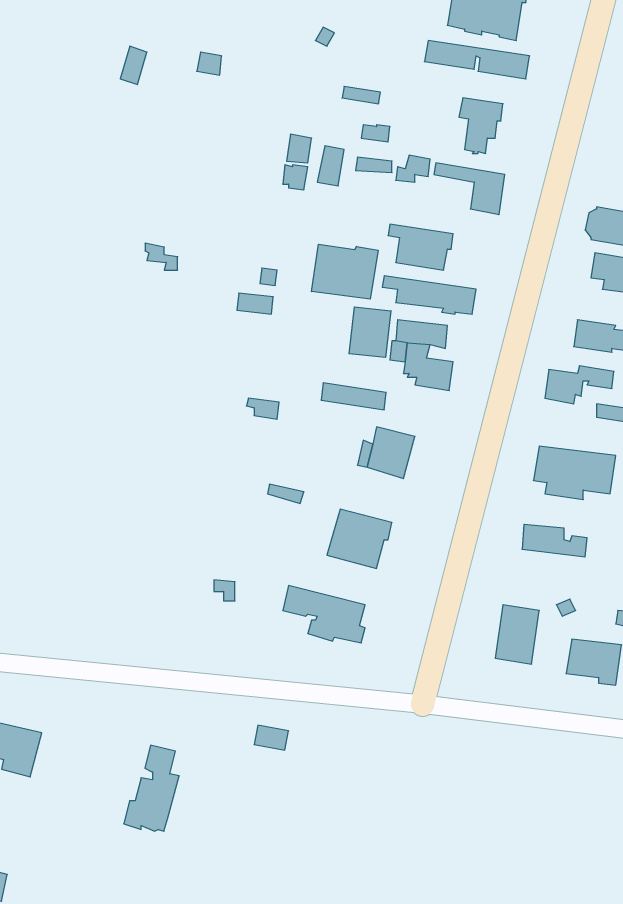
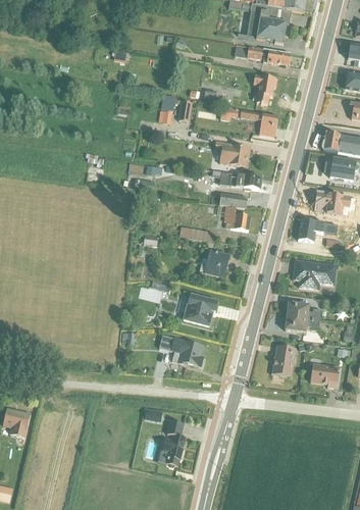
building: [312,244,378,299] -> none
building: [349,307,391,357] -> none
building: none -> [285,315,325,332]
building: [124,745,179,831] -> [156,420,186,466]

